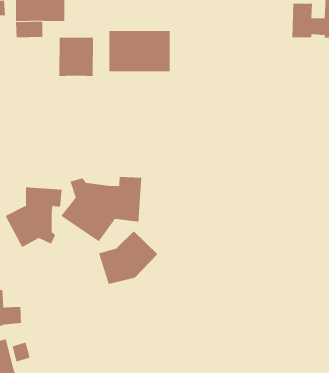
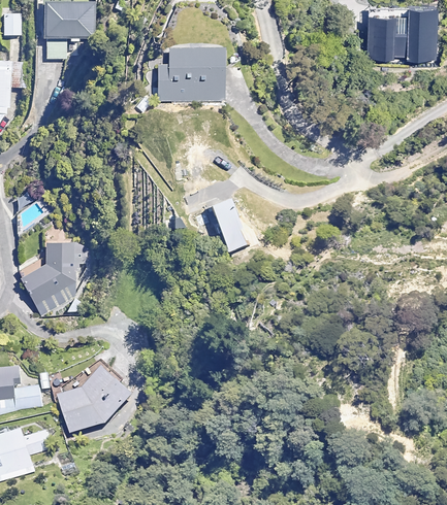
building: [59,37,93,77] -> none
building: none -> [214,199,249,250]
building: [60,176,142,242] -> none
building: [98,230,158,285] -> [60,364,133,430]

